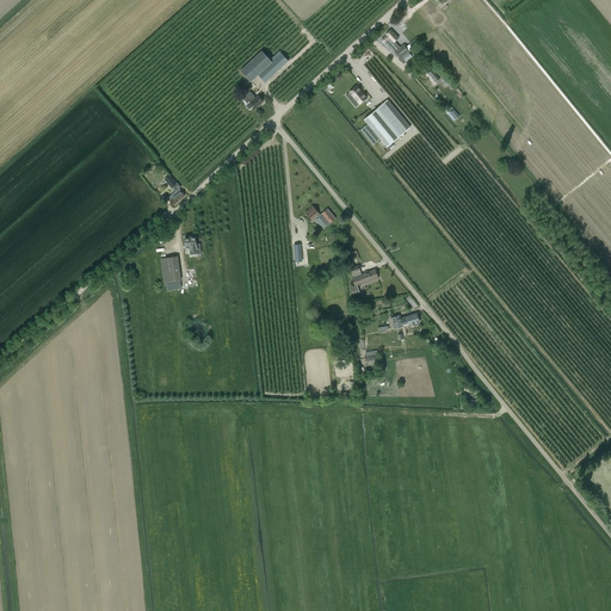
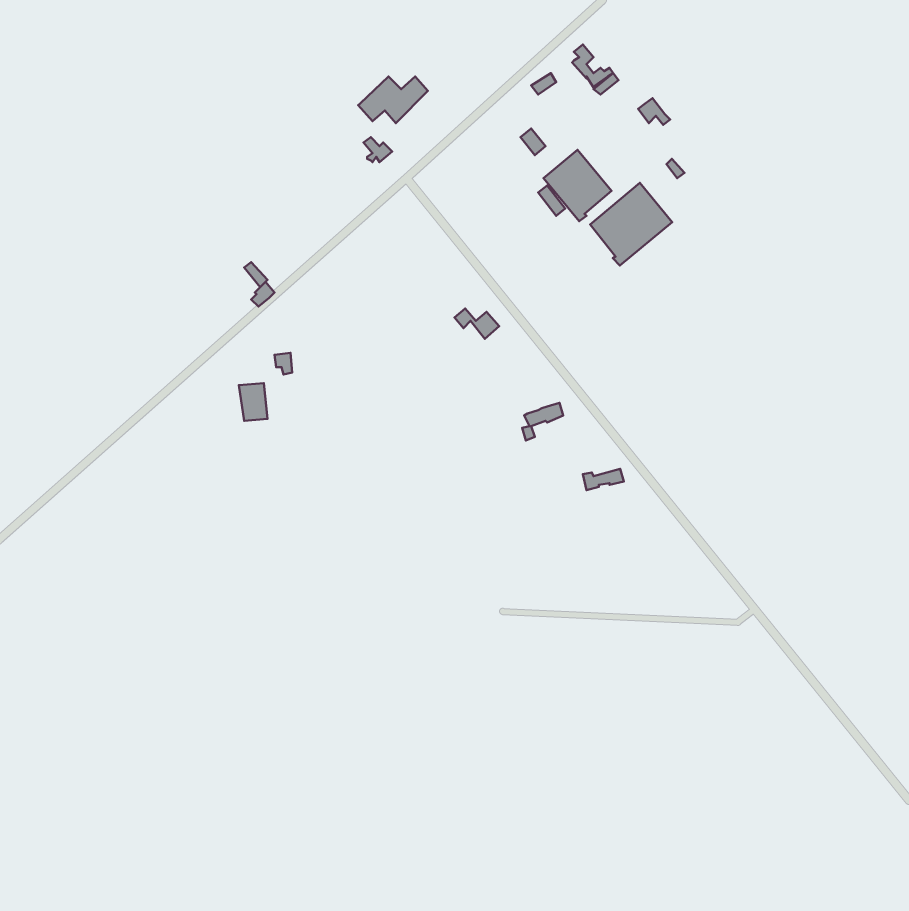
building: none -> [590,183,672,266]

